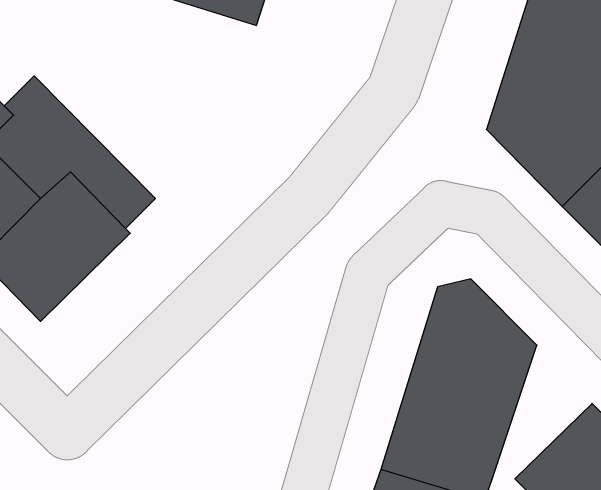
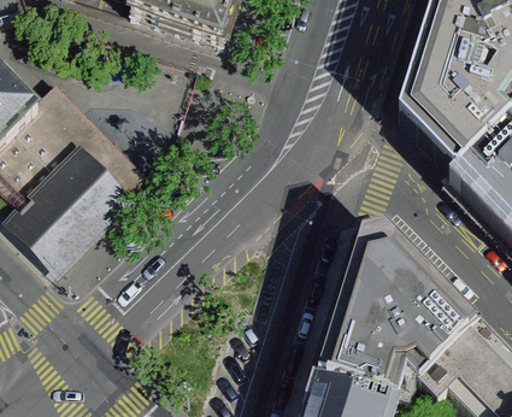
building: none -> [404,280,476,382]

